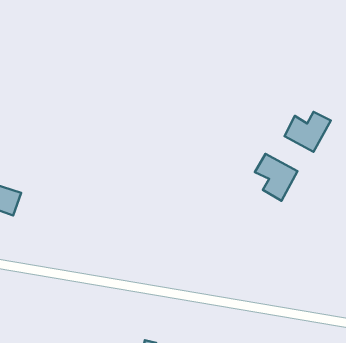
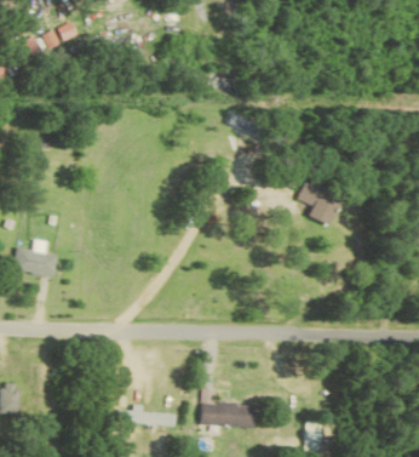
building: [284,112,331,152] -> none

